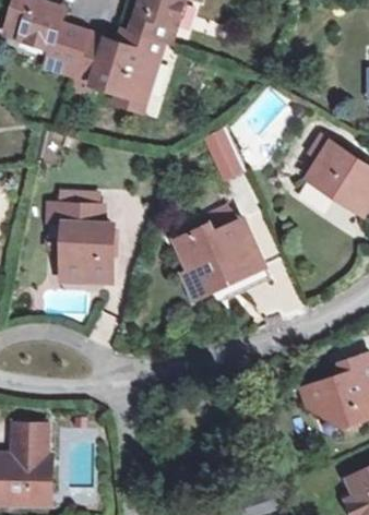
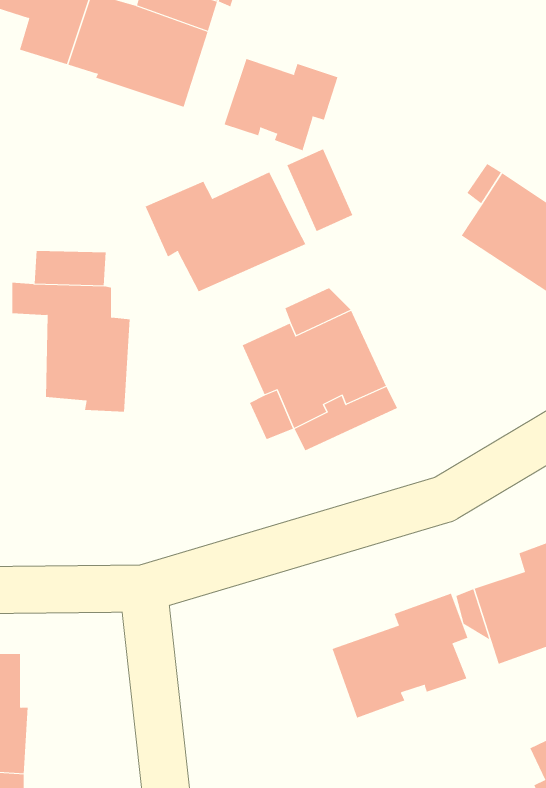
building: none -> [224,58,338,151]
building: none -> [145,172,306,292]
building: none -> [332,593,468,719]

